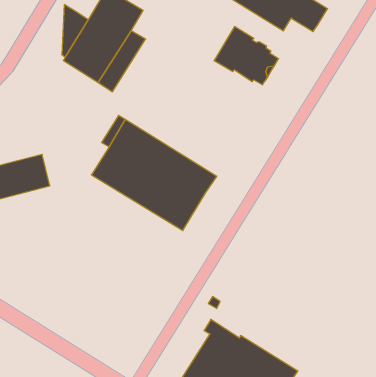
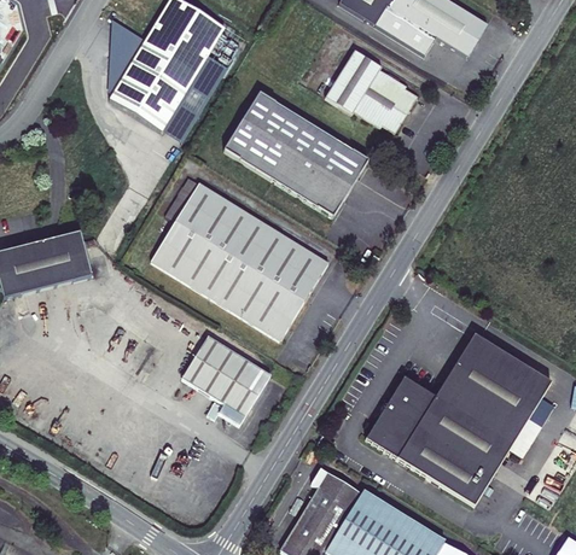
building: none -> [223,90,367,216]
building: none -> [366,333,549,504]
building: none -> [181,334,270,423]

